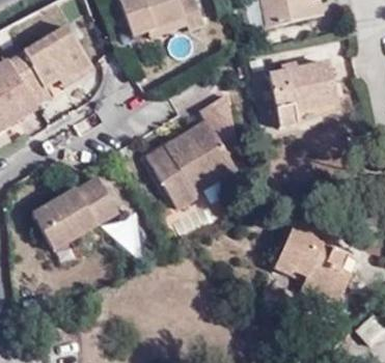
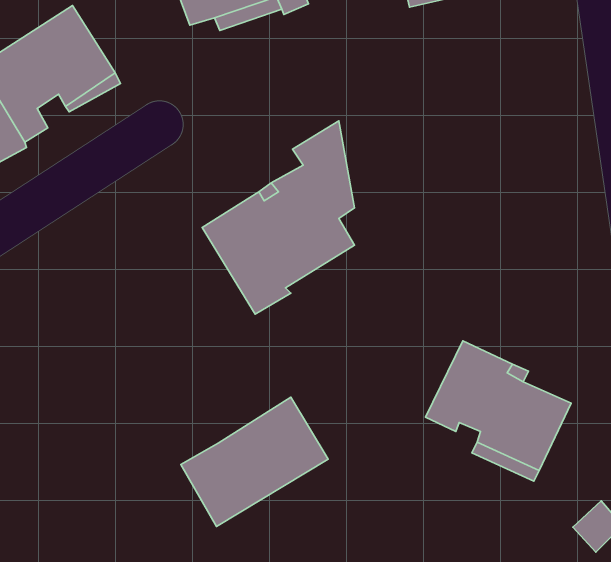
building: [272,60,341,124] -> none
building: [37,174,123,250] -> [181,397,328,527]

